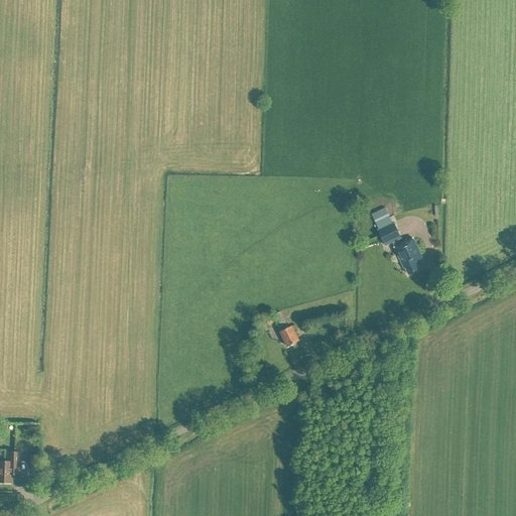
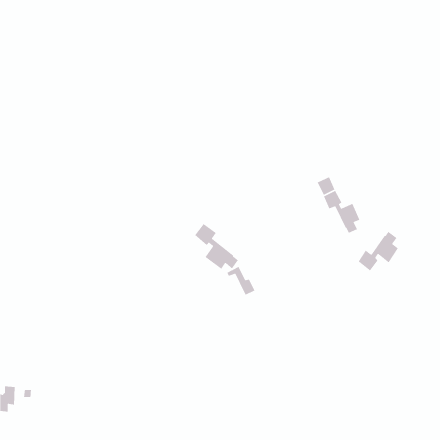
building: none -> [194,223,239,270]
building: none -> [358,231,399,272]

